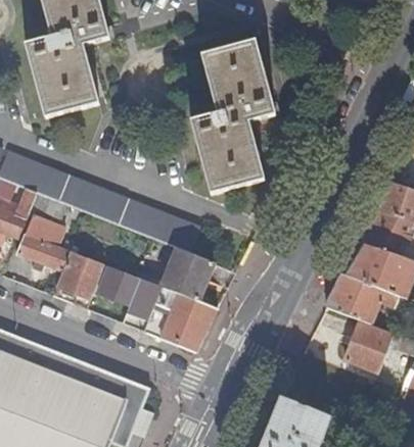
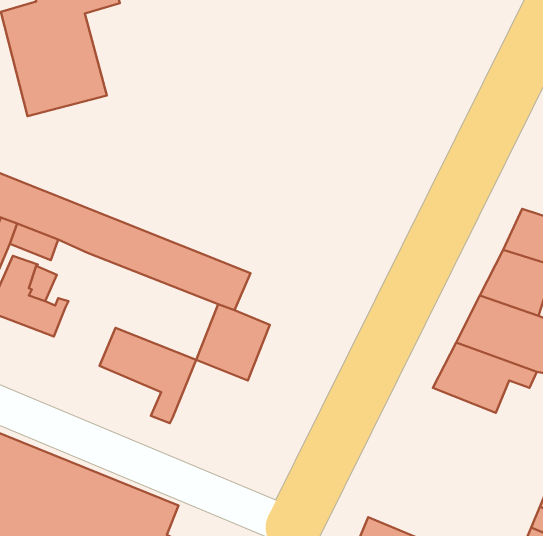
building: [191,41,275,194] -> none
building: [56,250,105,308] -> none
building: [143,287,216,351] -> none
building: [344,321,397,373] -> none

